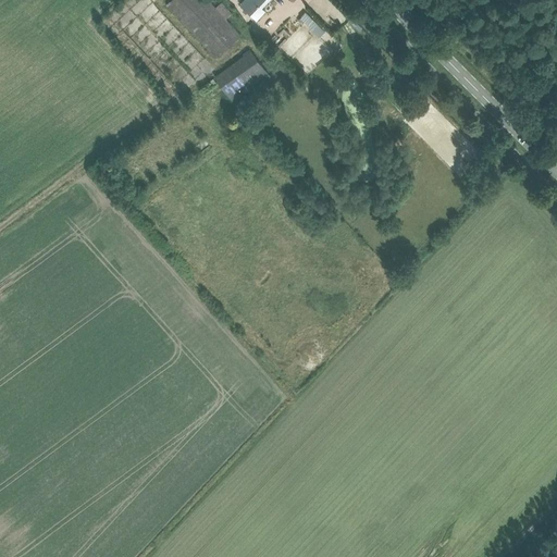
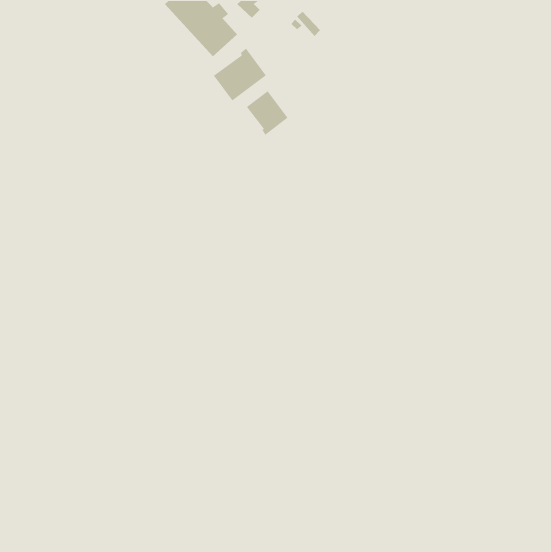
building: none -> [246,90,289,136]

